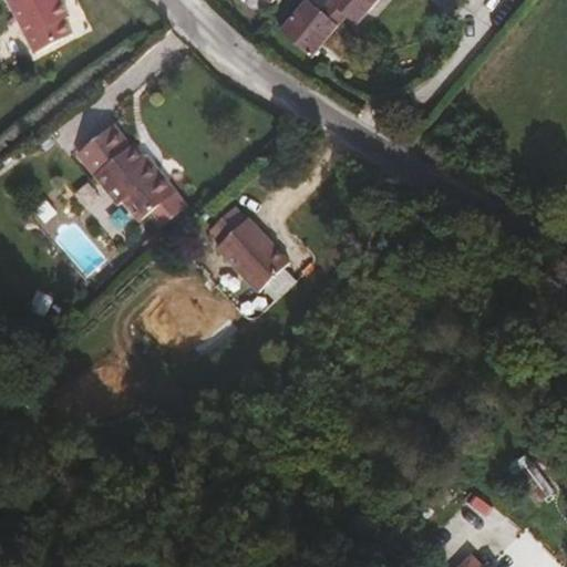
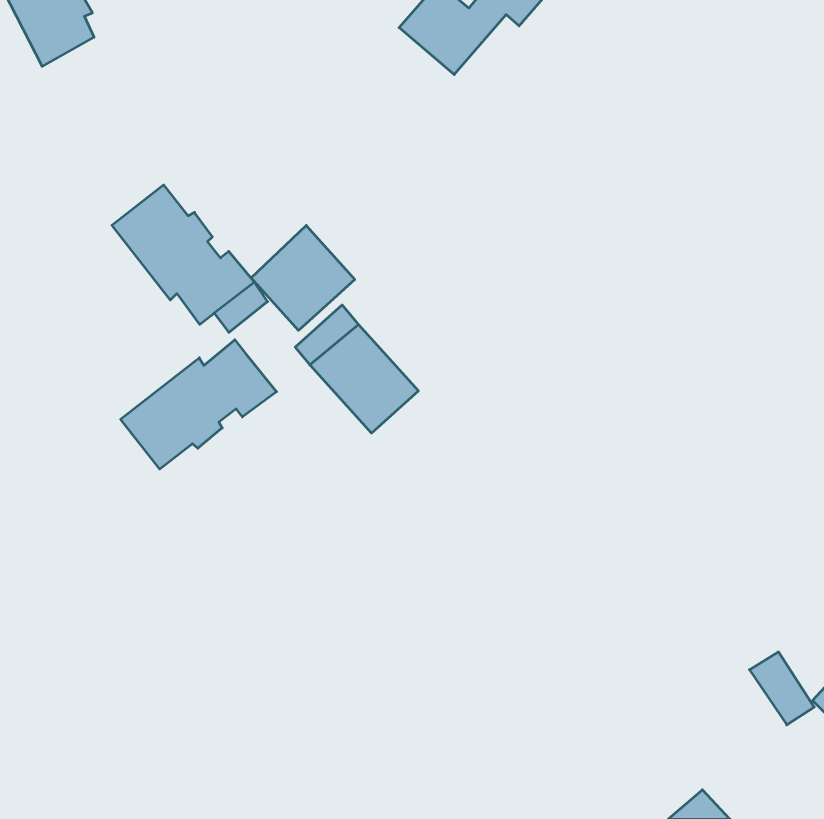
building: none -> [251,225,355,330]
building: none -> [121,340,277,469]

